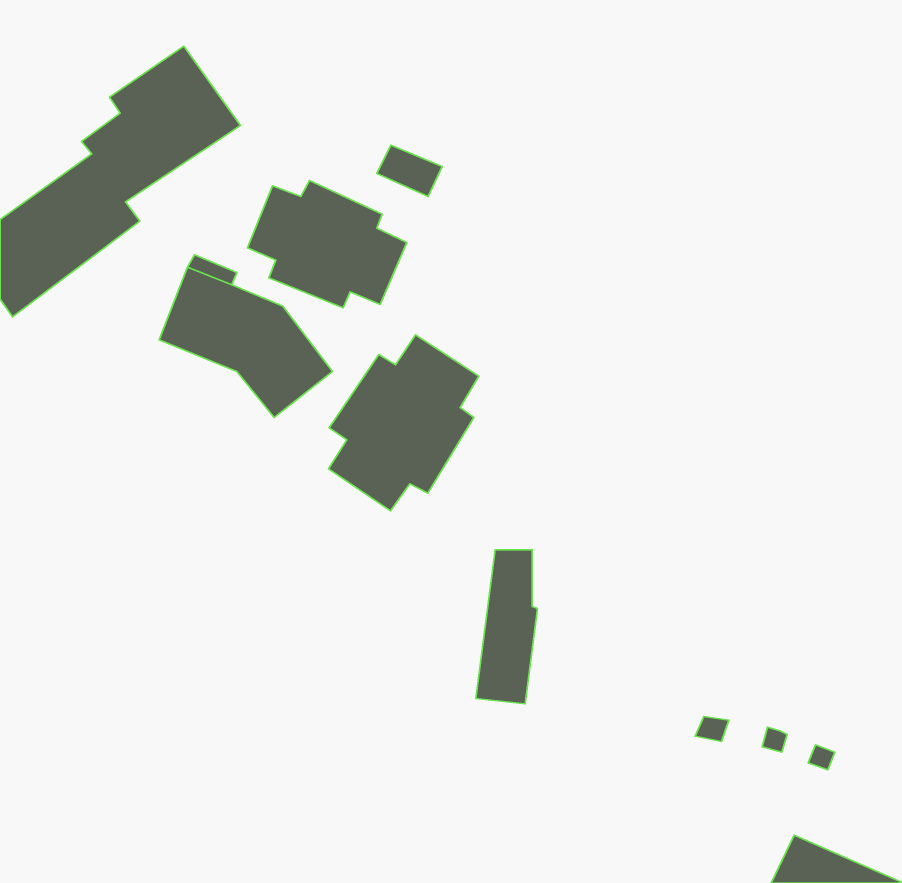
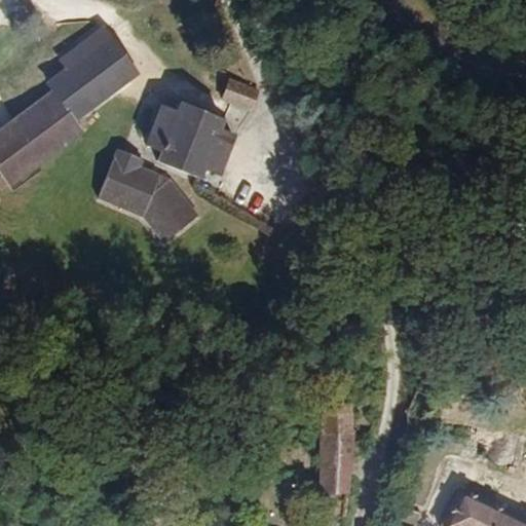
building: [329,335,479,511] -> none
building: [476,550,538,704] -> [322,404,358,493]

